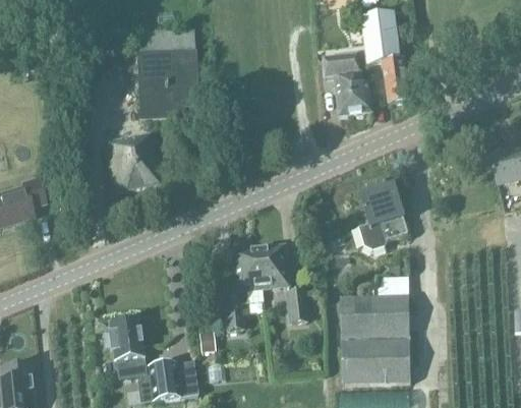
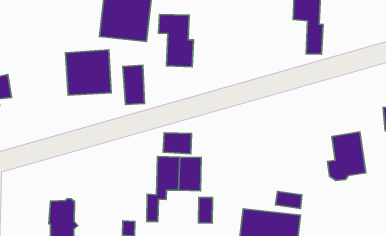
building: [323,51,370,115] -> [158,14,193,67]
building: none -> [123,65,145,104]
building: [361,185,409,247] -> [327,132,366,181]
building: none -> [163,133,192,154]

